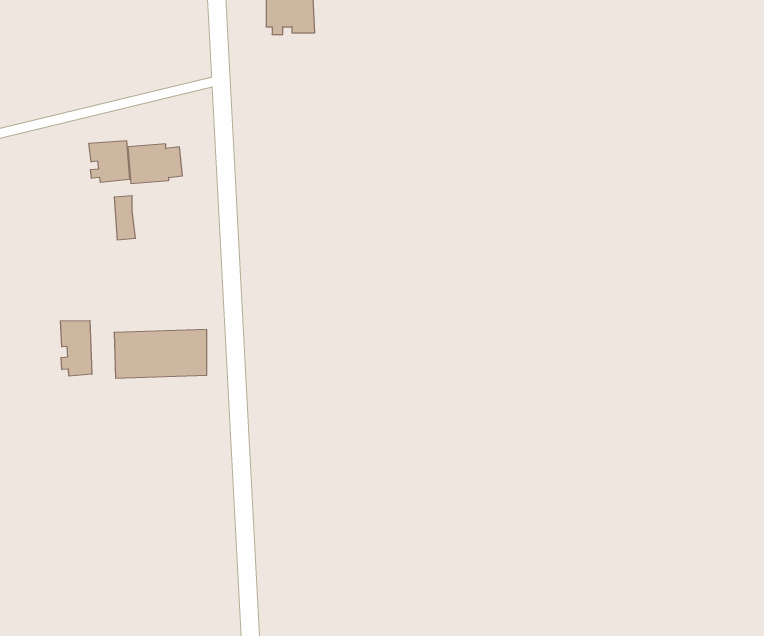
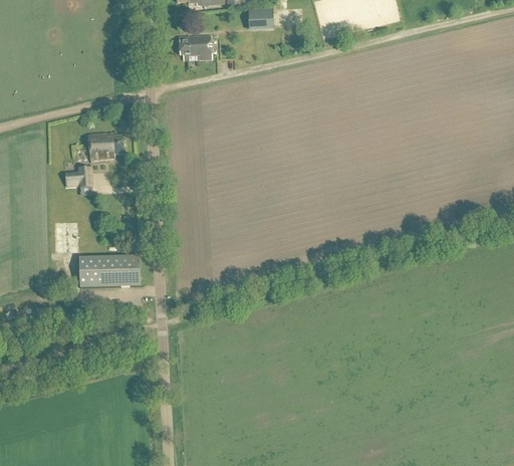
building: [89,141,130,182] -> none
building: [60,320,92,376] -> none

